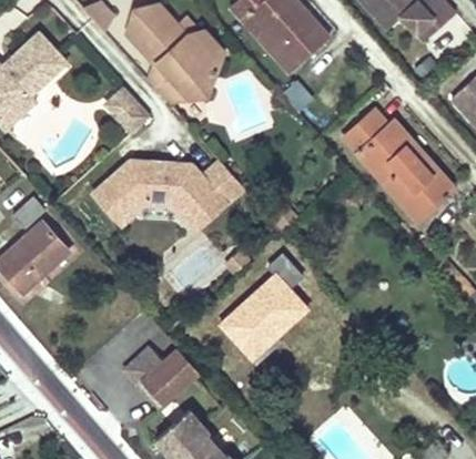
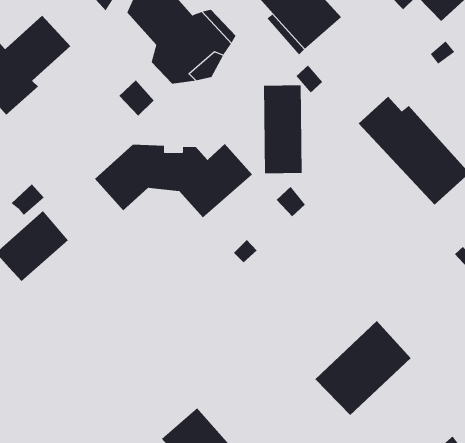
building: none -> [263,85,302,174]
building: [219,271,312,363] -> [314,320,412,416]
building: [126,347,200,406] -> none

